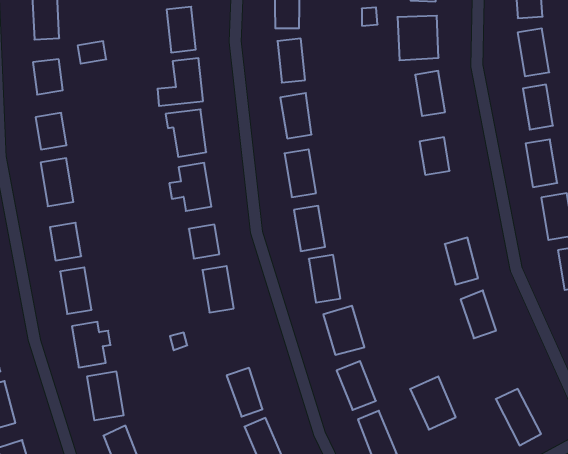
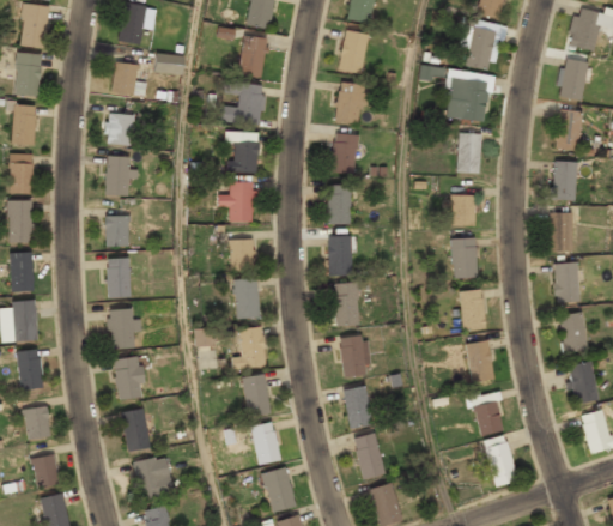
building: none -> [453,237,475,278]
building: none -> [232,326,266,369]
building: [410,376,456,430] -> [468,388,505,435]

